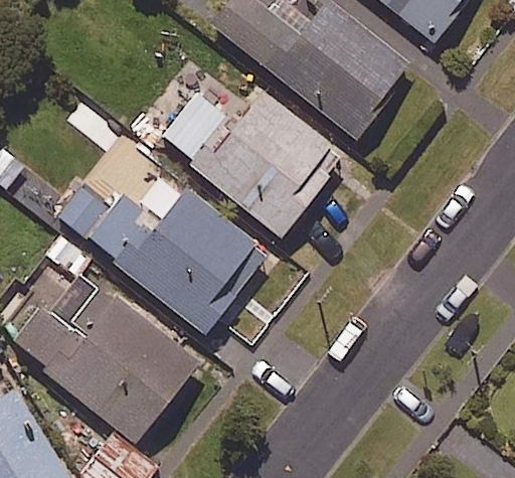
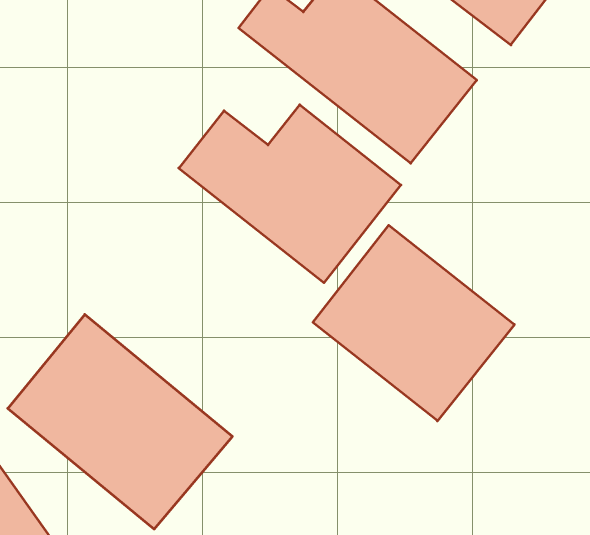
building: [59,151,266,328] -> none
building: none -> [313,225,514,421]

